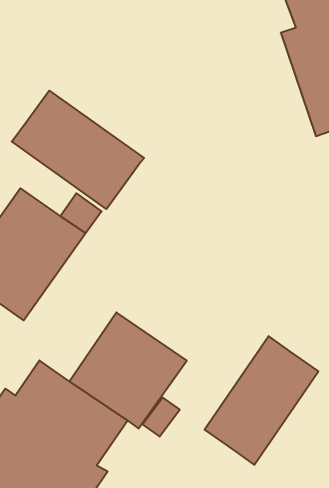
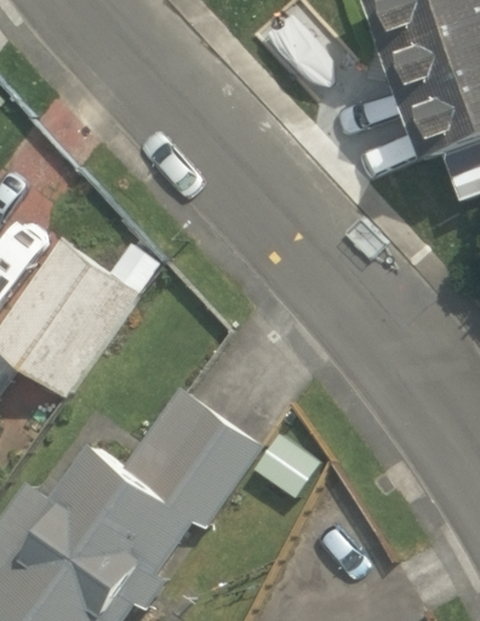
building: [12,91,144,209] -> none
building: [205,336,318,465] -> none

